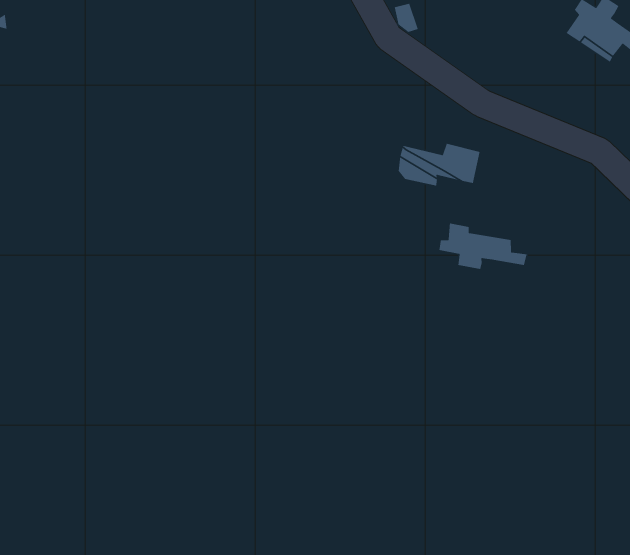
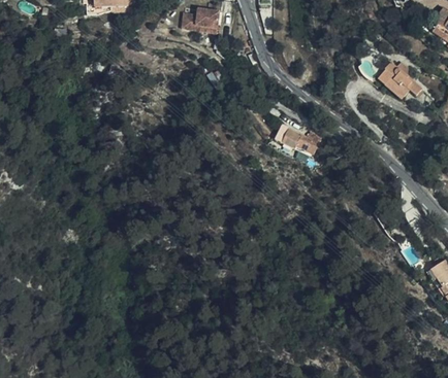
building: [439,223,527,270] -> none

